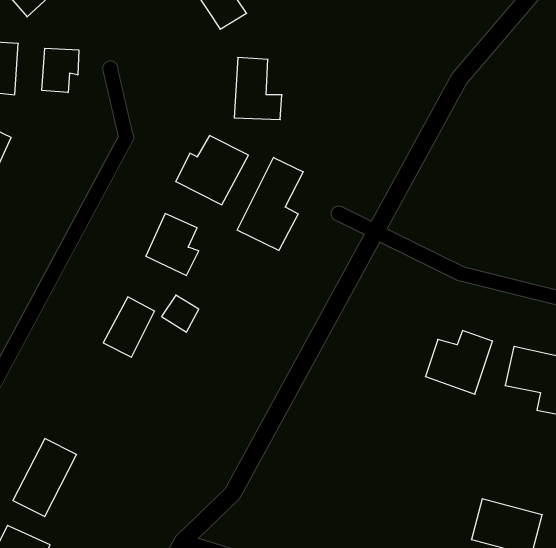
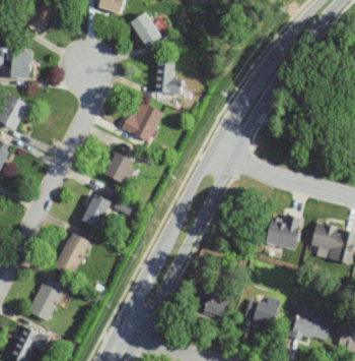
building: [42,48,79,93] -> none
building: [237,157,303,250] -> none
building: none -> [56,230,93,275]
building: none -> [194,289,228,317]
building: none -> [244,294,280,324]

